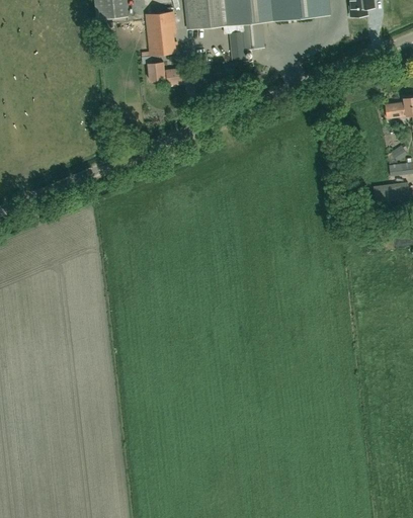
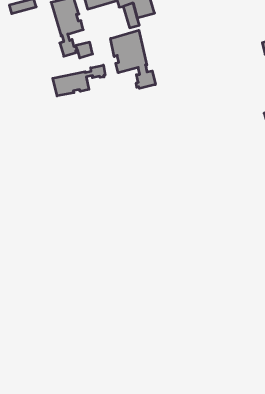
building: none -> [111,30,155,88]
building: none -> [53,65,105,96]

